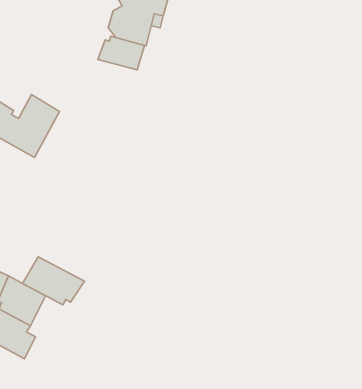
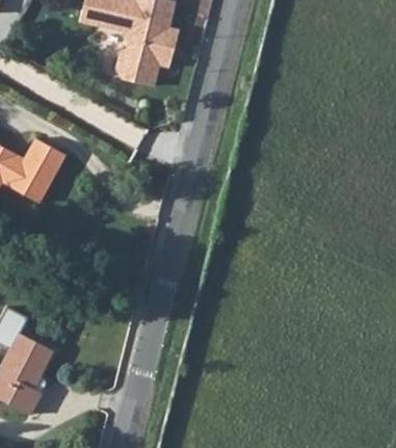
building: [98,36,145,70] -> none
building: [23,257,85,305] -> none

